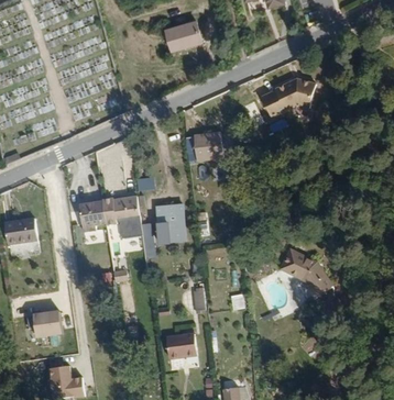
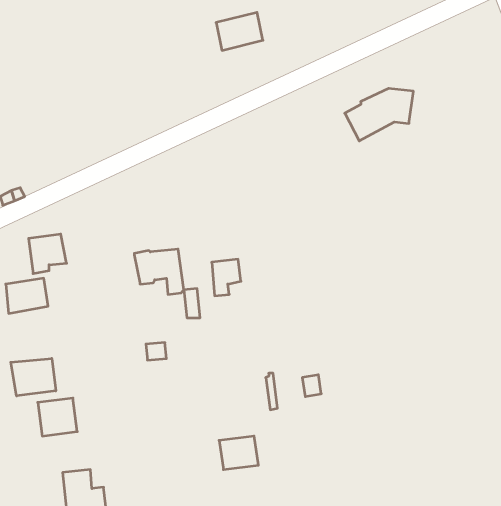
building: [190,134,228,160] -> none
building: [79,202,108,232] -> [29,234,67,274]
building: [281,255,331,303] -> none
building: none -> [11,358,56,396]

